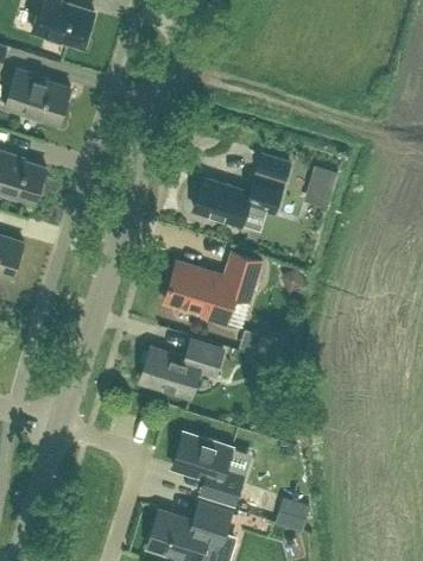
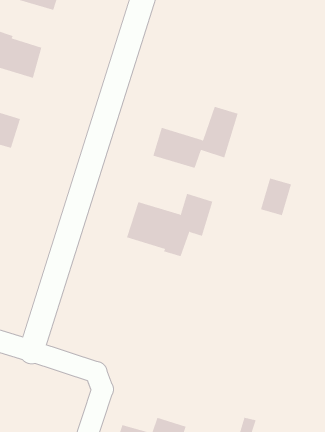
building: [301,163,336,206] -> [260,178,292,216]
building: [140,340,223,397] -> none
building: [172,433,244,504] -> none

